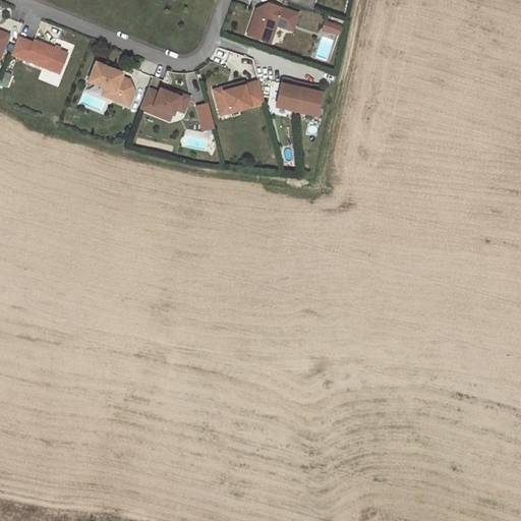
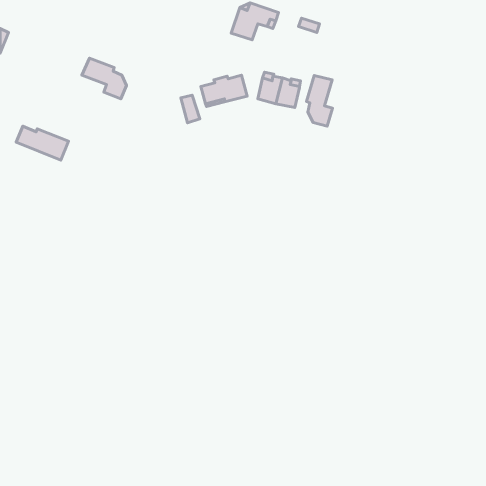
building: [11,37,67,73] -> [16,126,69,160]
building: none -> [306,76,332,126]
building: [139,89,189,115] -> none

